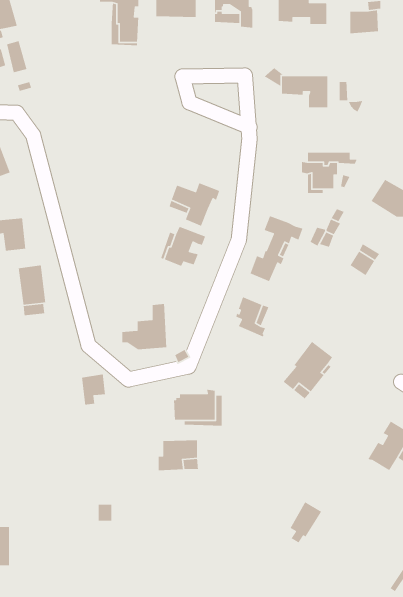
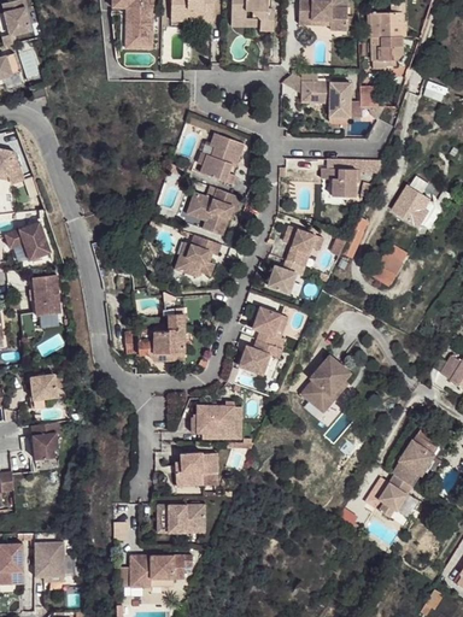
building: none -> [370,35,403,60]
building: none -> [203,133,246,184]
building: none -> [239,337,282,374]
building: [81,374,106,405] -> [30,374,55,406]
building: none -> [31,422,58,459]
building: none -> [157,506,201,533]
building: [289,501,322,543] -> [379,475,412,518]
building: none -> [34,542,64,577]
building: none -> [128,554,191,586]

